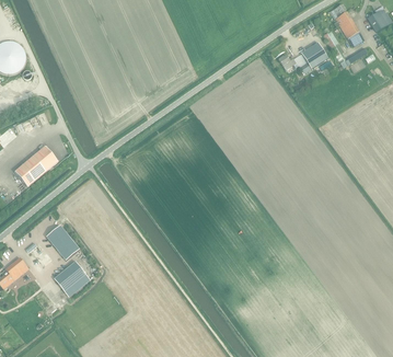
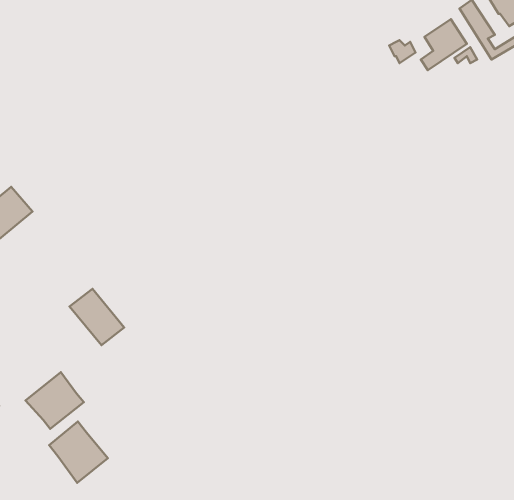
building: [46,224,80,260] -> [70,289,124,345]
building: none -> [49,422,108,483]

